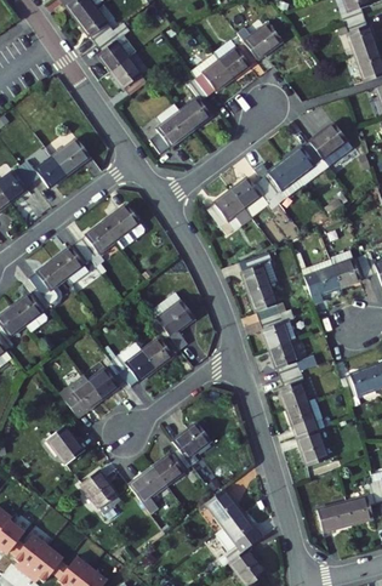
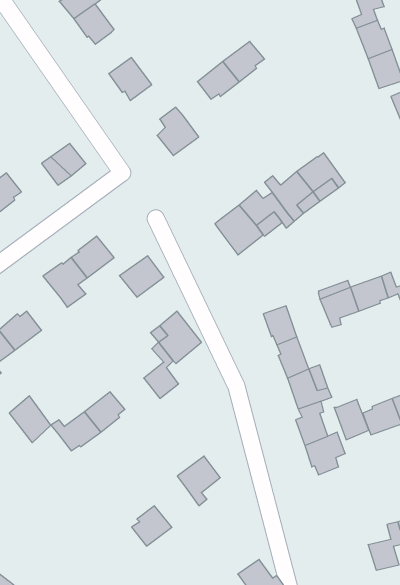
building: [241,24,279,61] -> none
building: [102,34,135,72] -> none
building: [181,79,211,129] -> none
building: [307,124,353,170] -> none
building: [22,153,68,184] -> none
building: [103,200,143,238] -> [119,256,164,297]
building: [245,252,274,289] -> none
building: [30,255,70,305] -> none
building: [115,347,160,385] -> none
building: [46,420,84,462] -> [9,396,51,443]
building: [301,427,332,463] -> [334,399,369,440]
building: [155,445,195,482] -> none
building: [84,467,120,506] -> none
building: [210,484,250,524] -> none
building: [319,497,355,529] -> none

